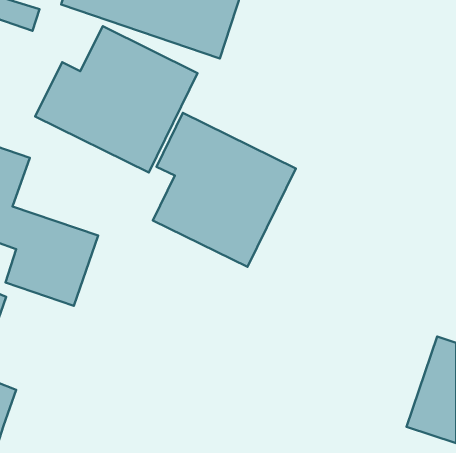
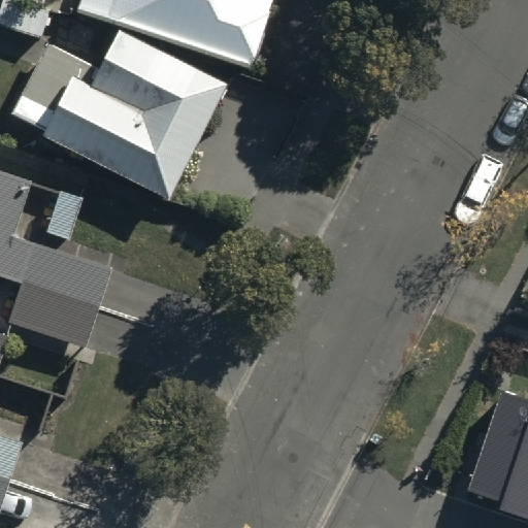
building: [153,113,296,267] -> none

